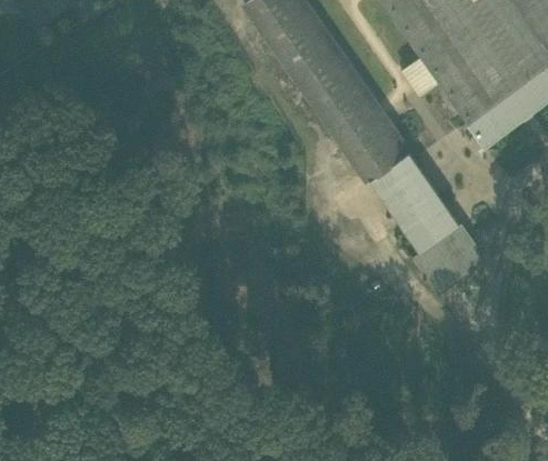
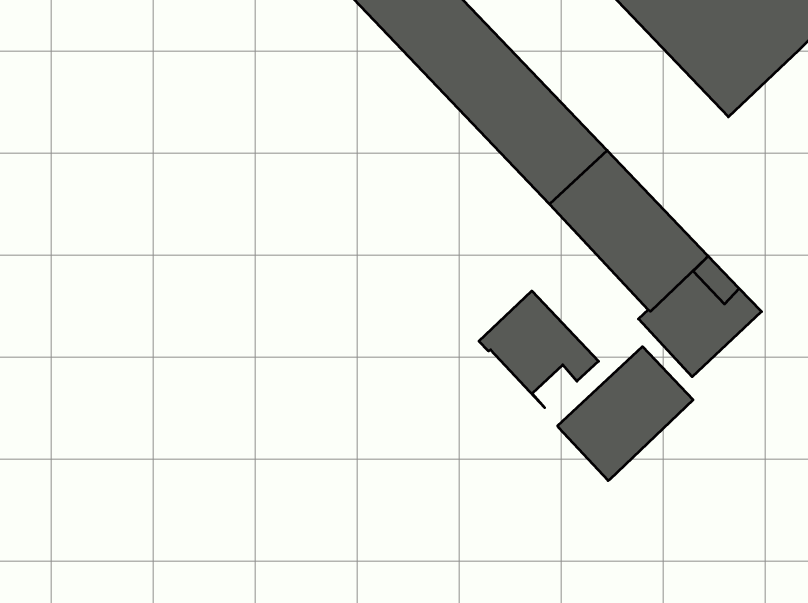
building: none -> [479,291,599,408]
building: none -> [558,347,693,481]

